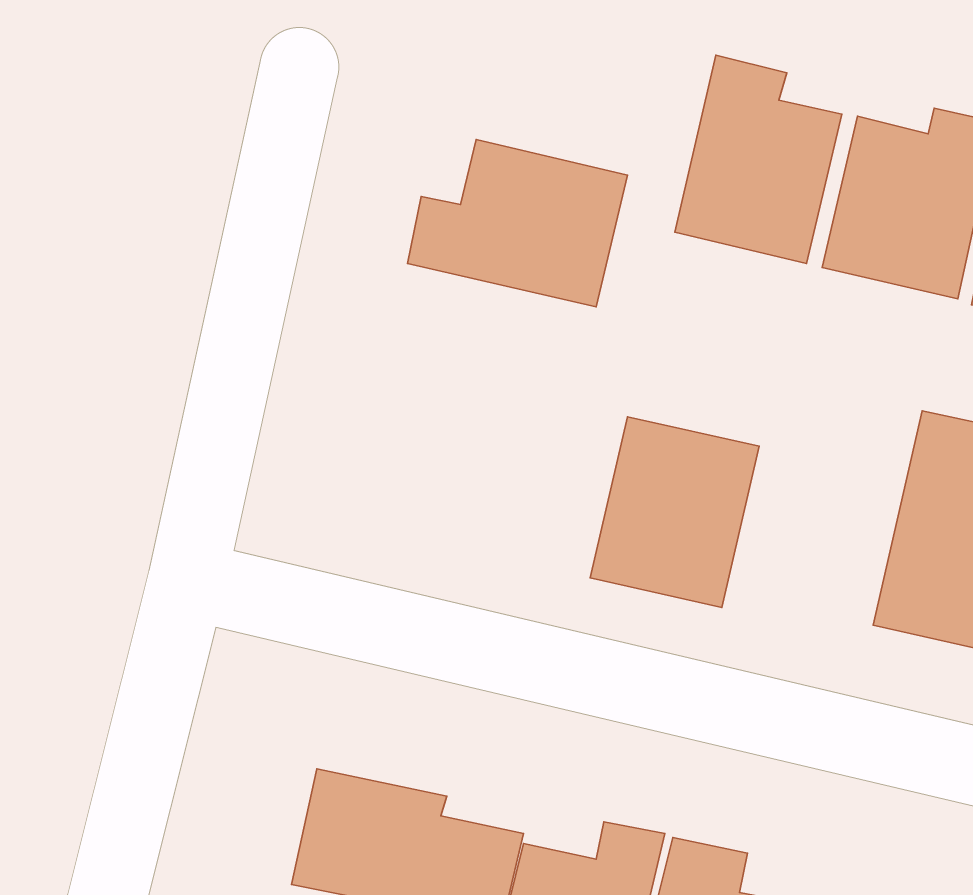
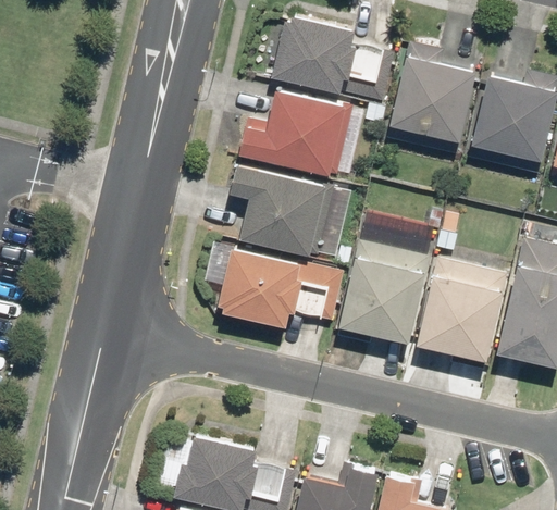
building: none -> [271,15,399,105]
building: none -> [228,165,338,260]
building: none -> [216,246,349,329]
building: none -> [418,258,508,362]

